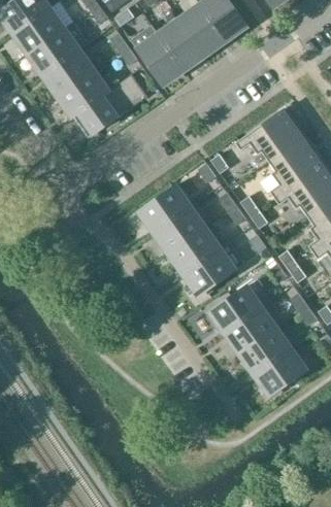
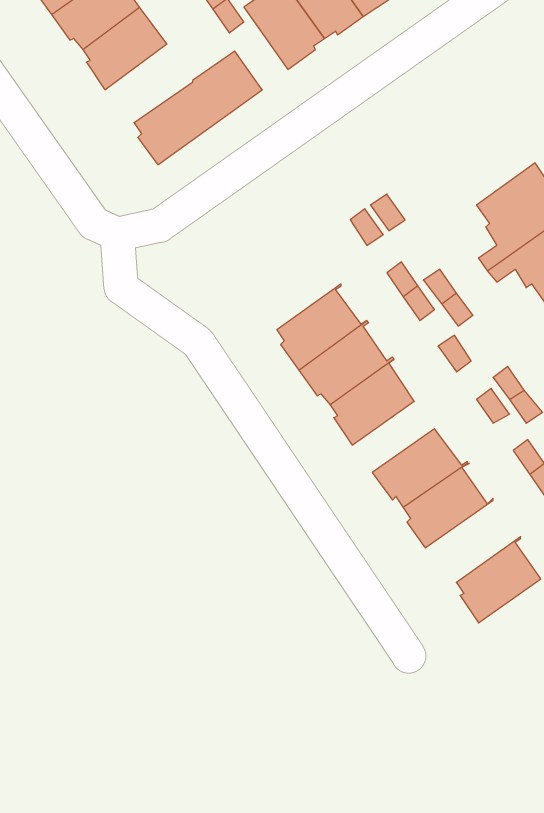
building: [60,70,109,114] -> none
building: [236,107,302,161] -> none
building: [139,187,193,231] -> none
building: [240,327,294,373] -> none

